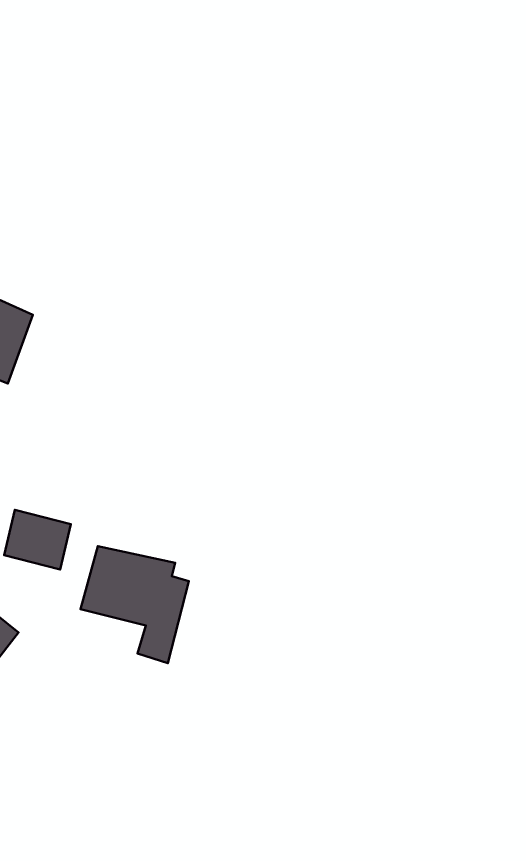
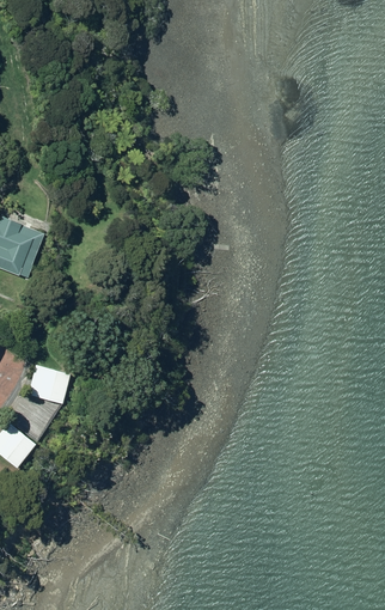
building: [80,546,189,663] -> none

